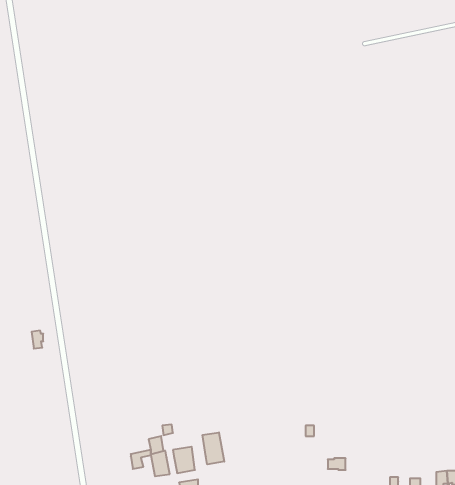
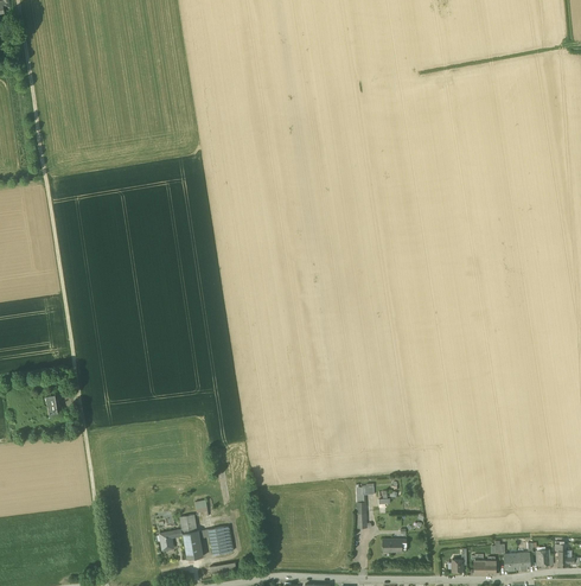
building: [203,432,224,464] -> none

